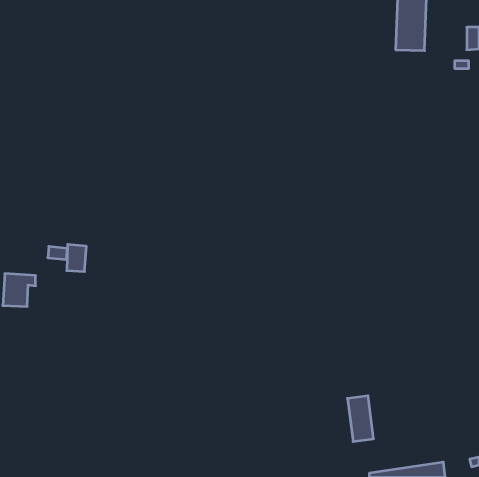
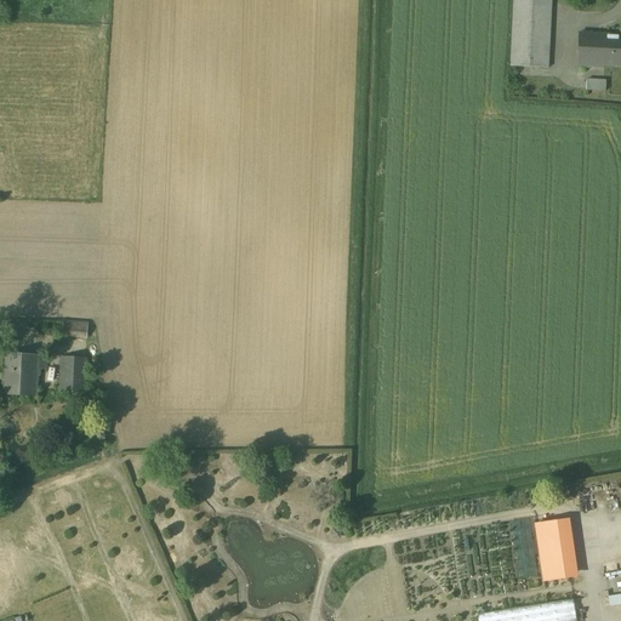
building: none -> [579,34,604,67]
building: [67,244,86,272] -> [59,357,85,392]
building: [347,396,374,442] -> [536,519,570,579]

